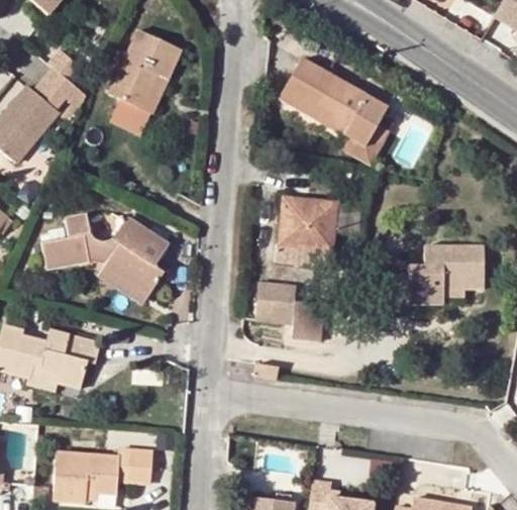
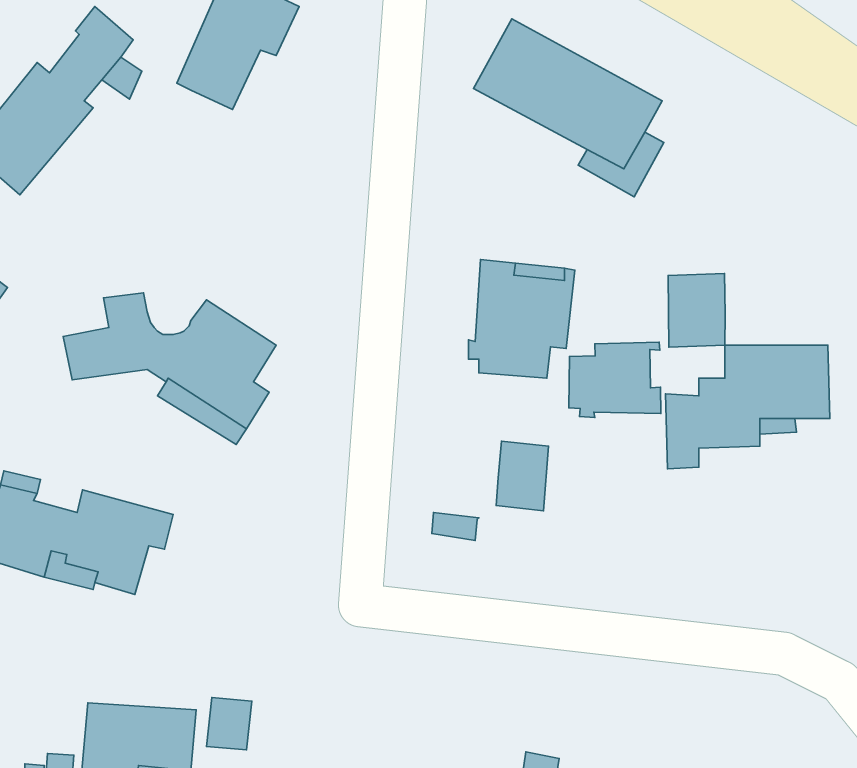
building: [107,76,166,133] -> none
building: none -> [668,273,725,347]
building: none -> [569,342,661,418]
building: [255,282,297,323] -> none

